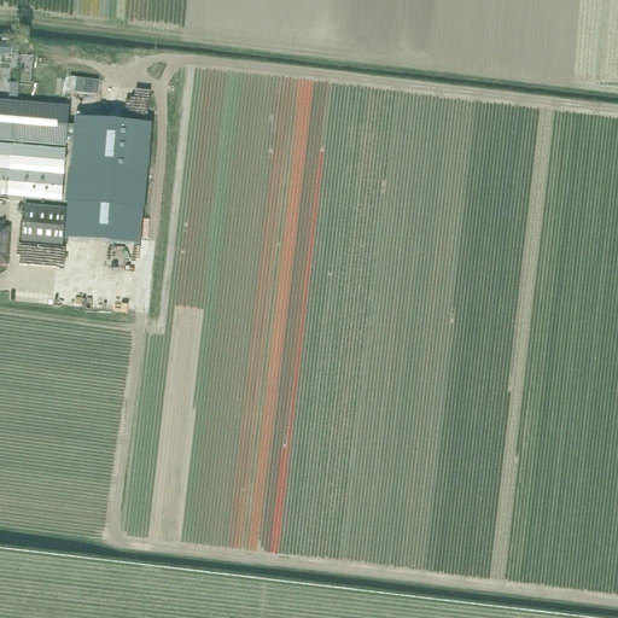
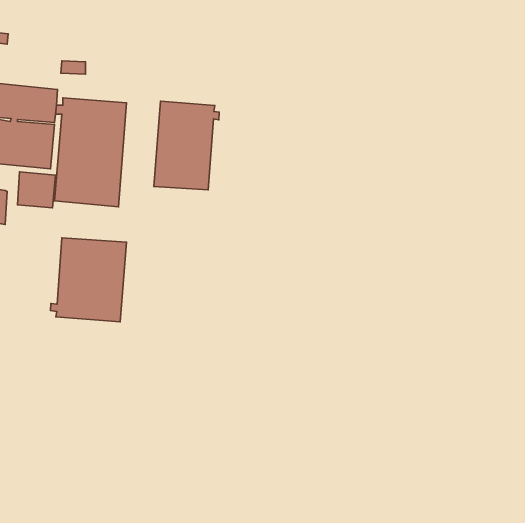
building: none -> [154,101,219,190]
building: none -> [51,238,126,322]

